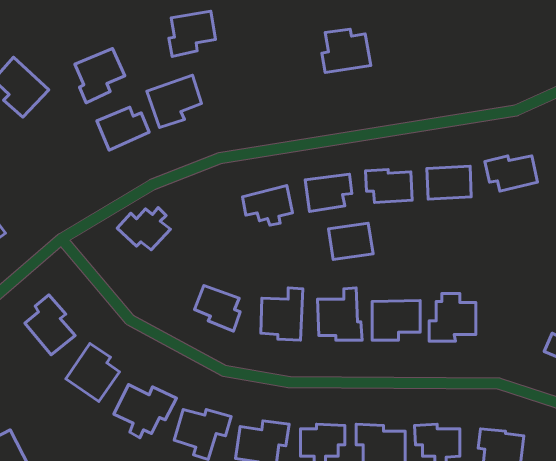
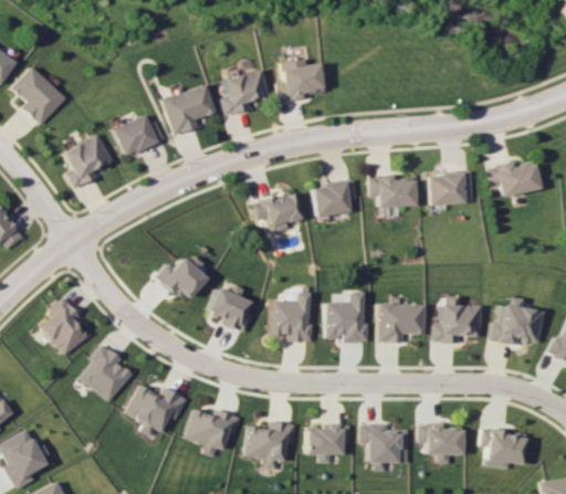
building: [169,11,216,56] -> [219,71,264,115]
building: [322,29,371,72] -> [273,59,321,101]
building: [75,48,125,103] -> [61,135,109,188]
building: [117,208,171,250] -> [153,256,205,297]
building: [328,223,373,259] -> none
building: none -> [489,297,539,345]

